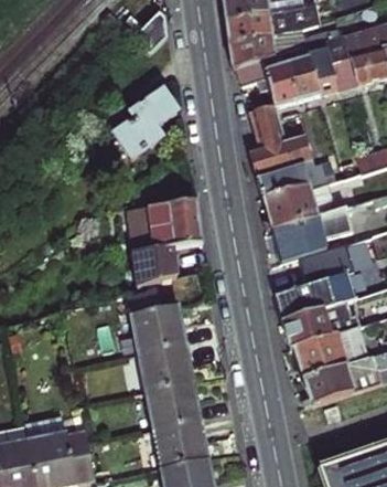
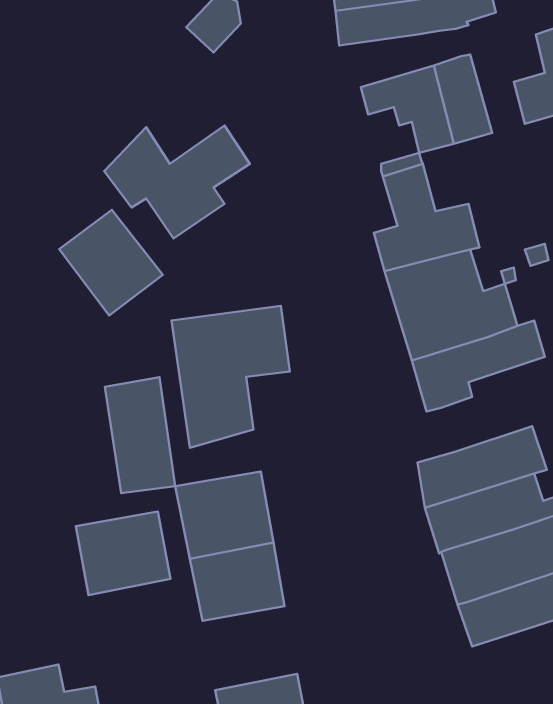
building: [228,32,302,71] -> none
building: [308,35,353,95] -> none
building: none -> [59,210,163,316]
building: none -> [105,377,175,493]
building: [290,244,352,288] -> none
building: [146,382,203,433] -> [76,512,170,595]

